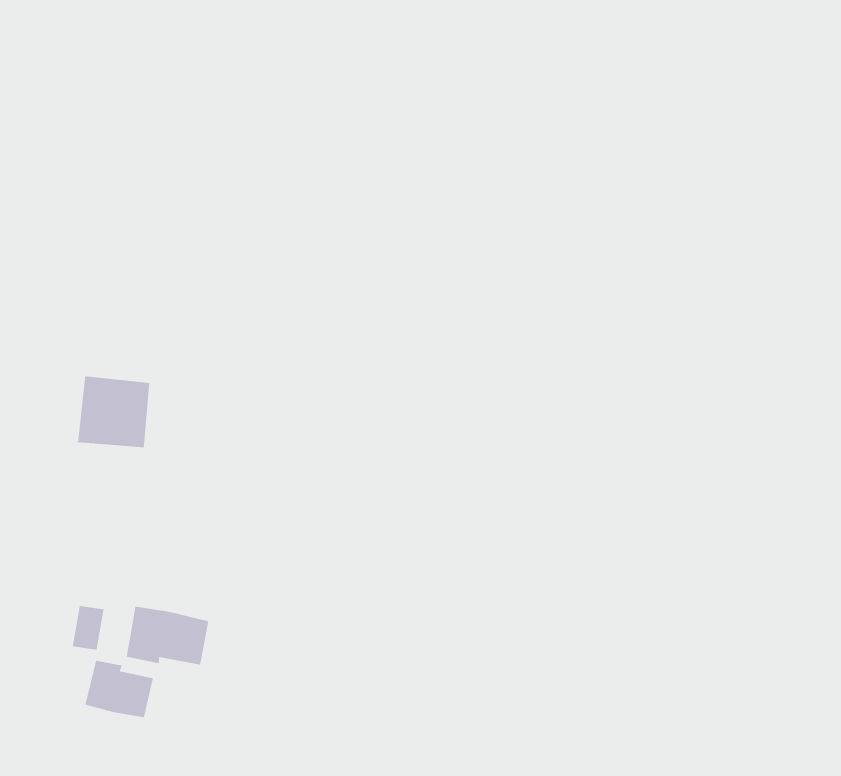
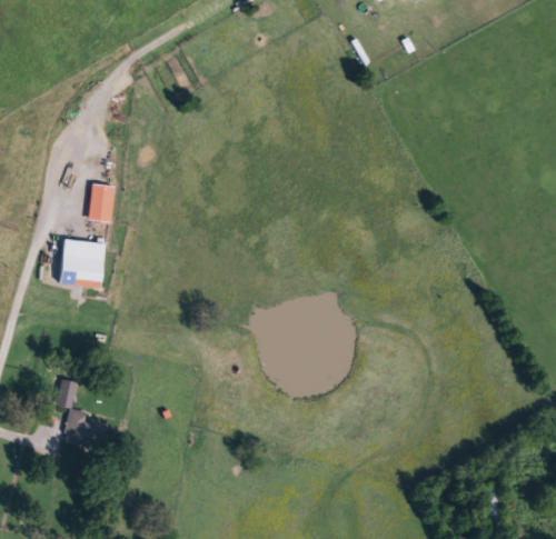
building: none -> [87,182,115,221]
building: [126,606,209,666] -> none

